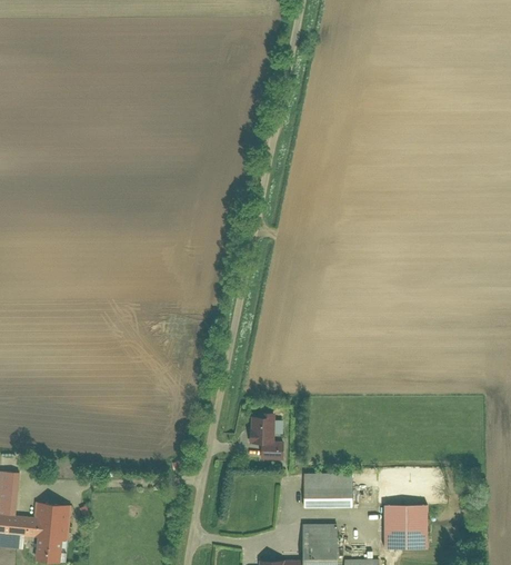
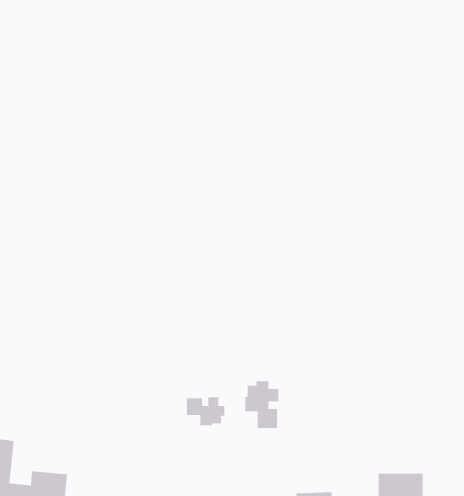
building: none -> [187,397,225,426]
building: [303,473,352,508] -> none

